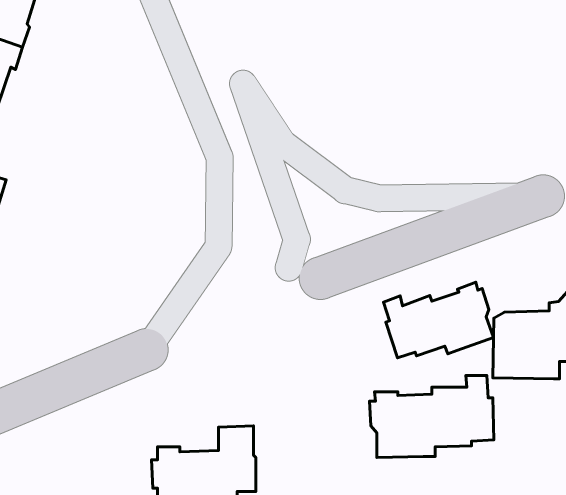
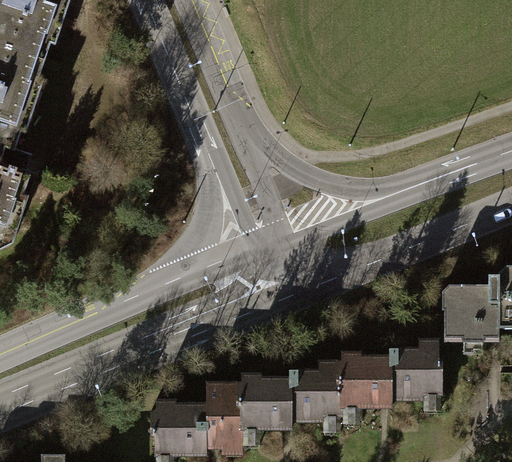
building: [384,282,494,358] -> none
building: none -> [237,361,342,429]

